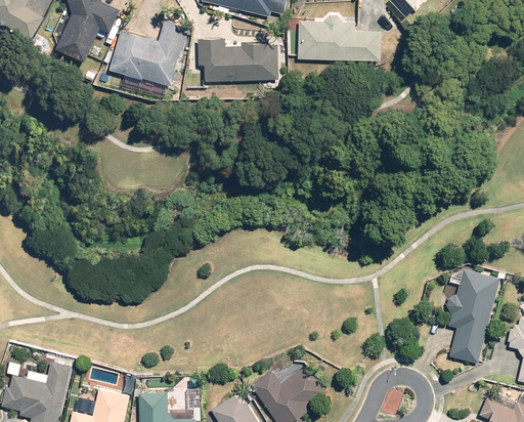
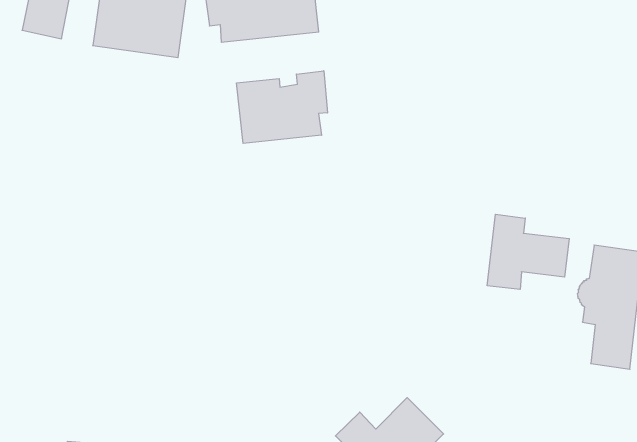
building: none -> [237,71,327,143]
building: none -> [487,214,569,289]

